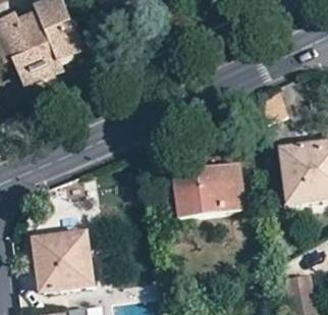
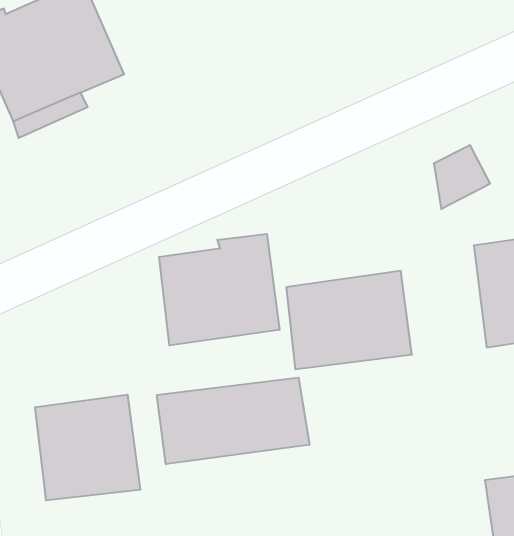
building: none -> [159,234,279,346]
building: none -> [157,378,309,464]

